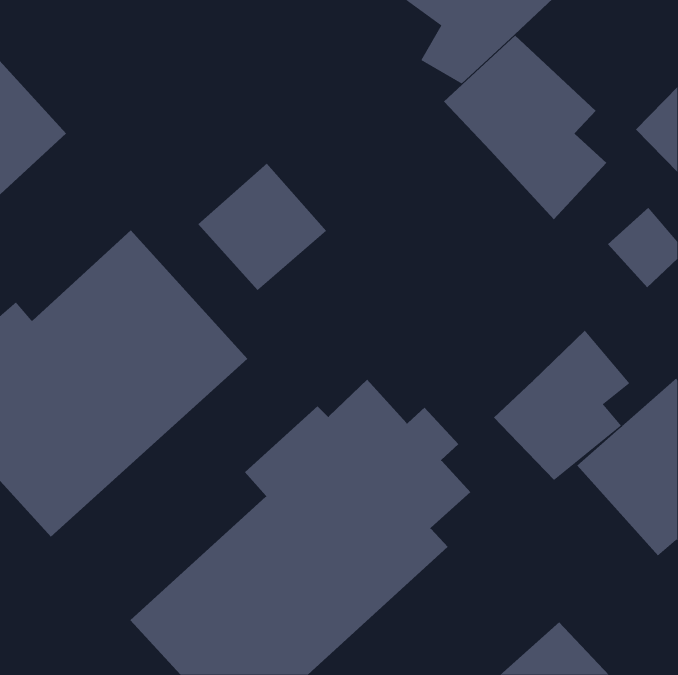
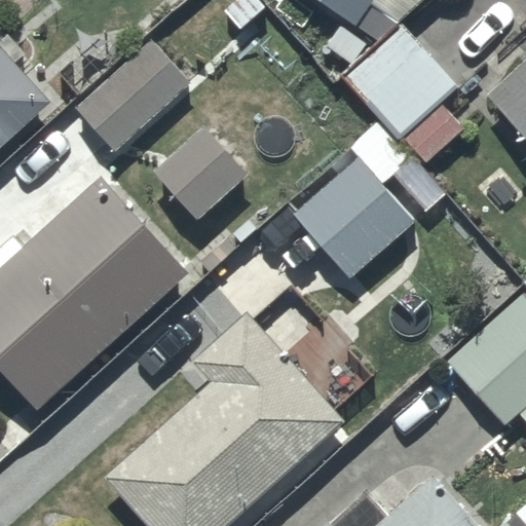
building: none -> [75,40,190,154]
building: none -> [291,116,447,280]
building: [493,330,630,481] -> none

